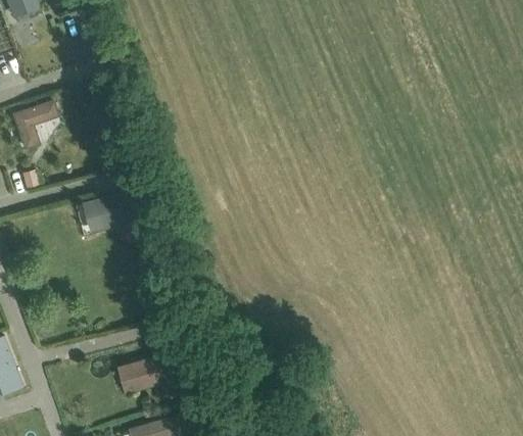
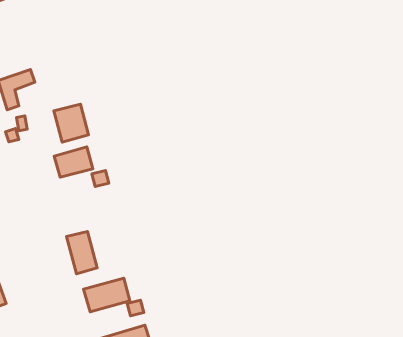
building: none -> [54,104,89,142]
building: none -> [66,231,97,274]

